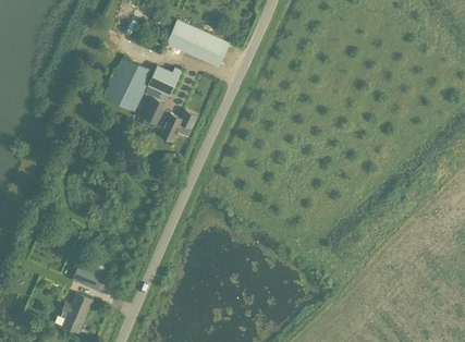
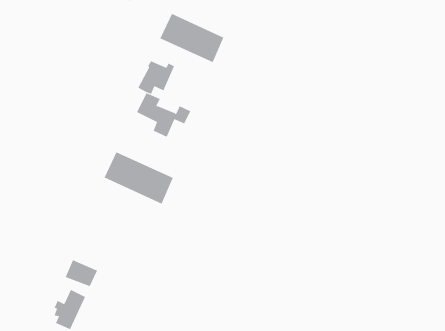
building: [103,56,155,111] -> none
building: none -> [104,152,174,205]

